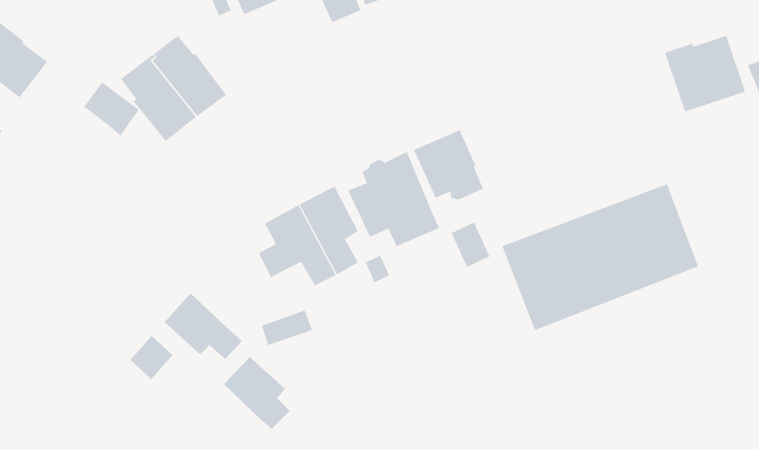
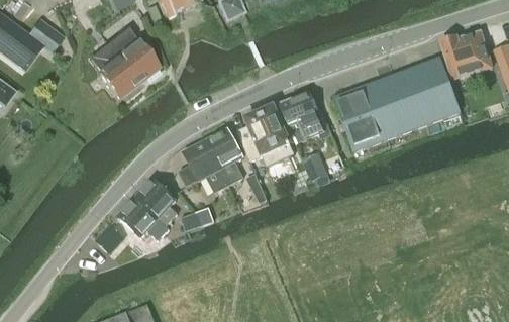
building: [83,82,140,136] -> [27,19,64,55]
building: [501,183,699,331] -> [333,57,461,151]
building: [223,356,291,430] -> [135,178,179,225]

